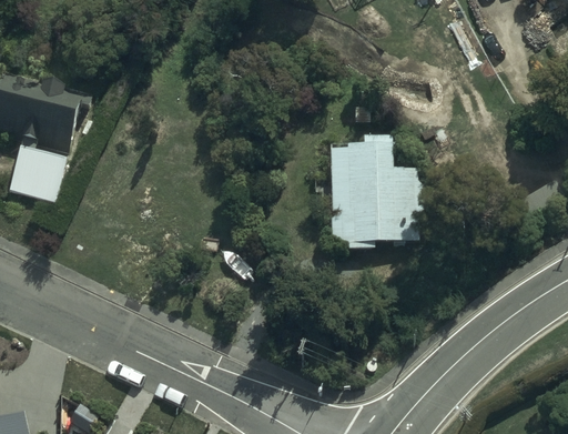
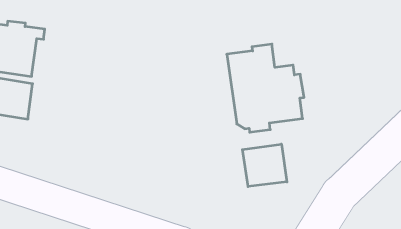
building: none -> [242,144,287,187]

